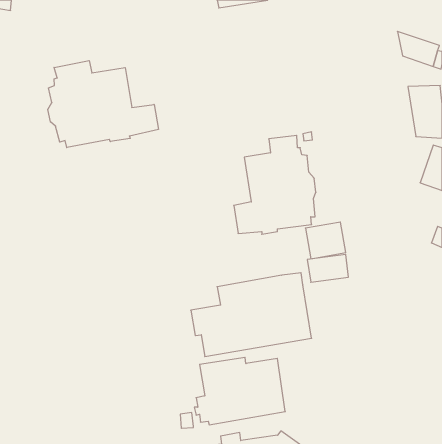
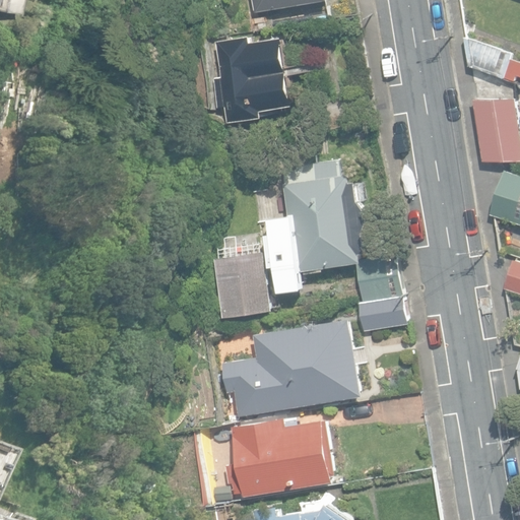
building: none -> [211,38,295,124]
building: [48,61,158,148] -> none
building: none -> [212,252,277,319]

